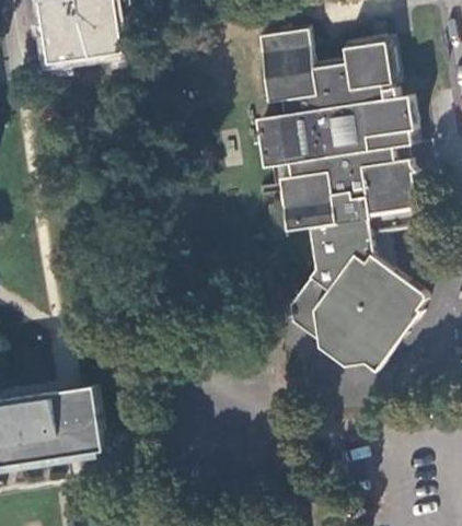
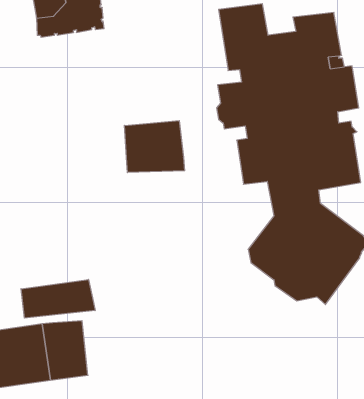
building: none -> [124,121,185,173]
building: none -> [21,279,95,318]

